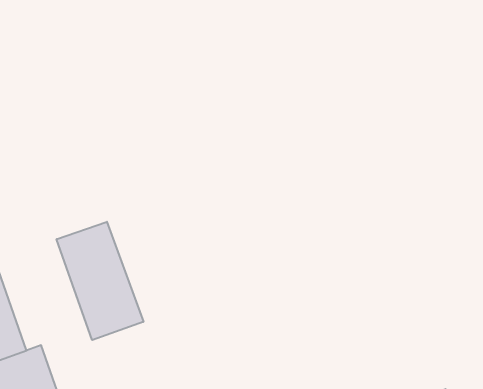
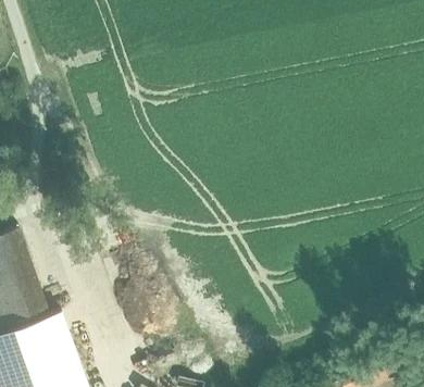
building: [57,222,143,340] -> none

